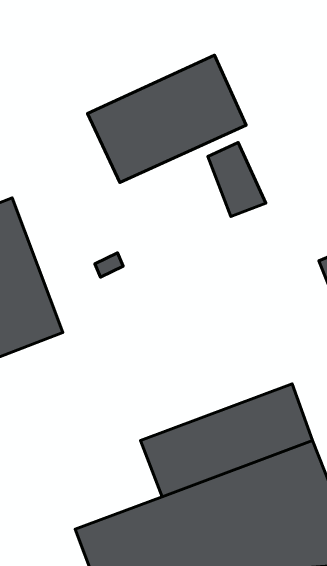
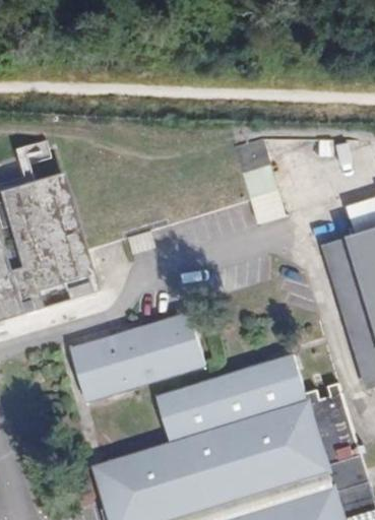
building: [88,55,246,183] -> none
building: none -> [70,314,204,399]

